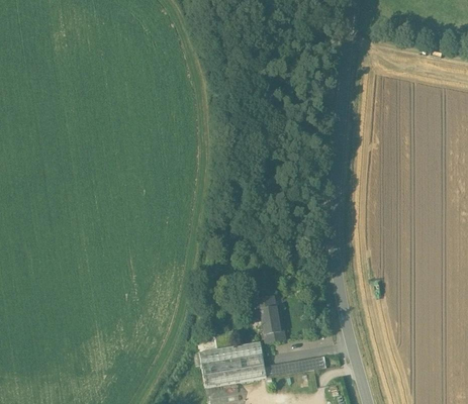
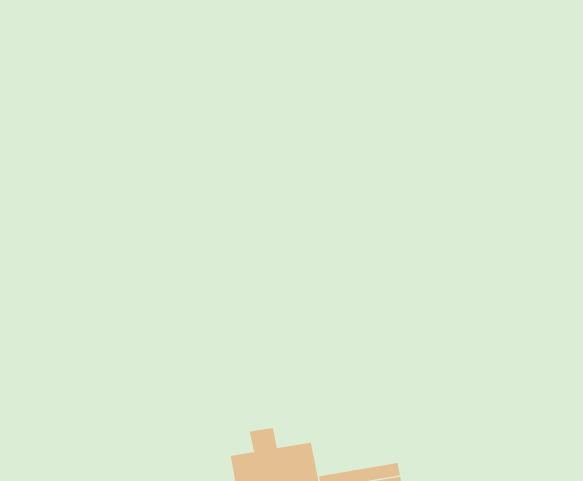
building: [255,298,284,343] -> none

